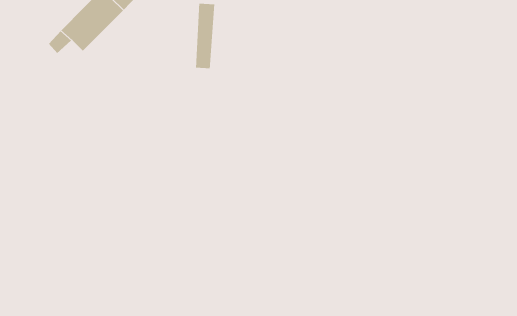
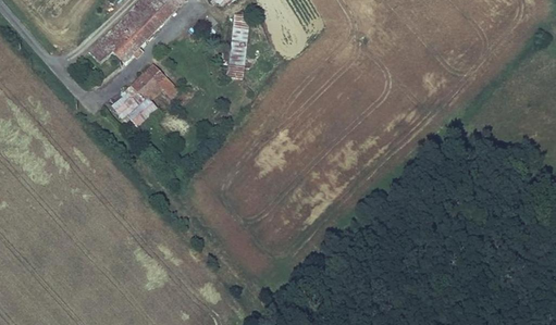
building: none -> [112,67,165,121]

